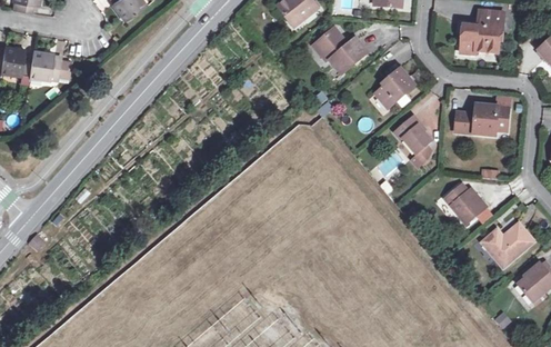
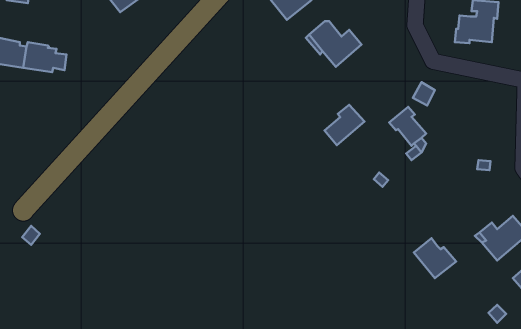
building: [374,68,414,108] -> [325,105,365,145]
building: [454,103,508,133] -> none
building: [443,184,485,224] -> [414,238,456,278]

